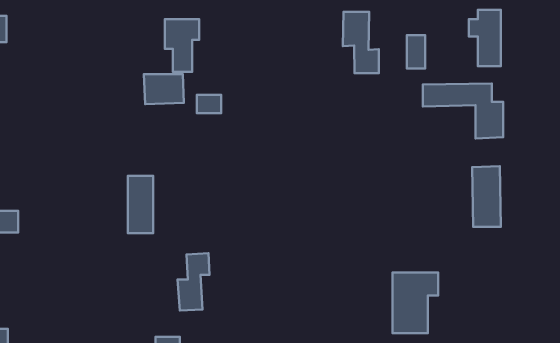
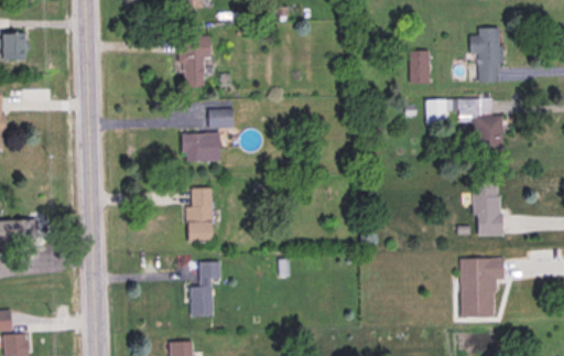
building: [343,12,379,73] -> none
building: [144,74,184,104] -> [182,133,220,162]
building: [128,176,153,233] -> [187,187,212,242]
building: [392,272,438,333] -> [459,258,503,316]

